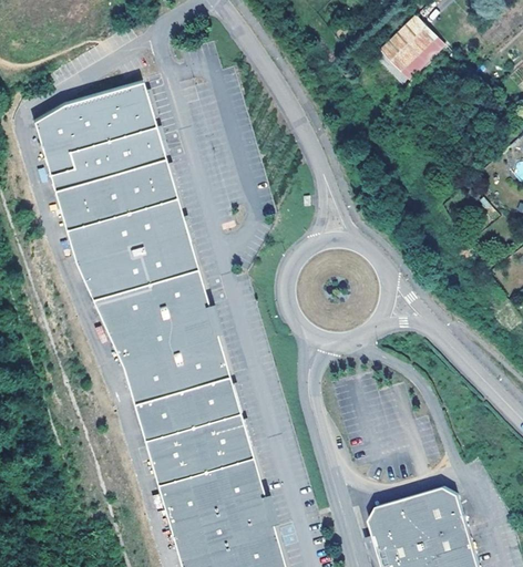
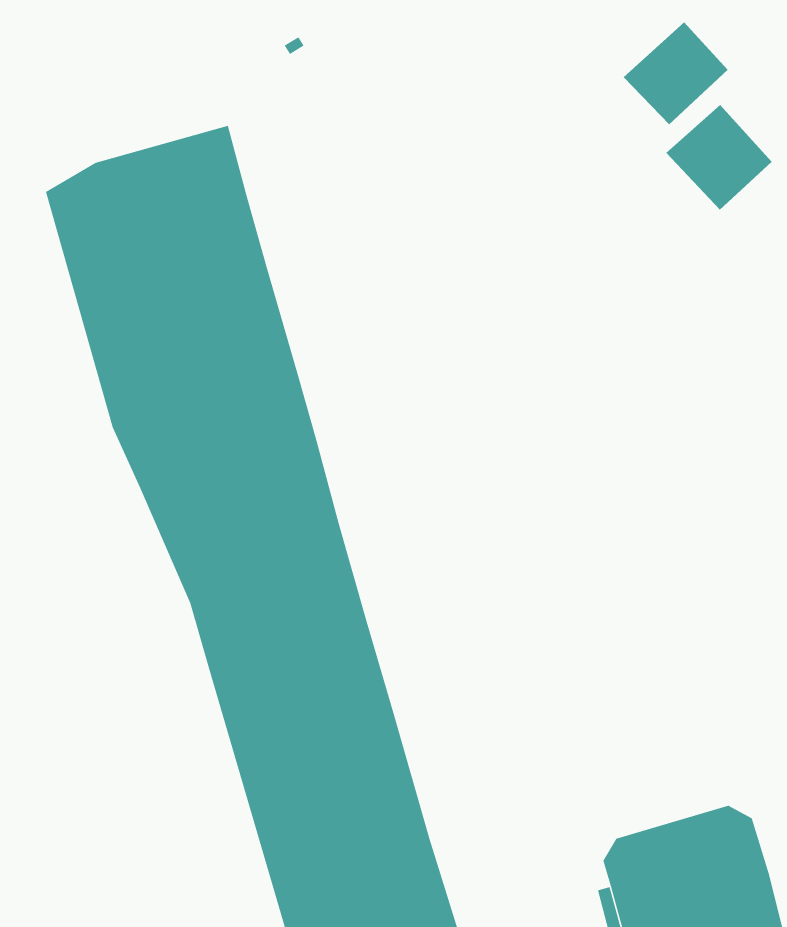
building: none -> [666,104,773,211]

